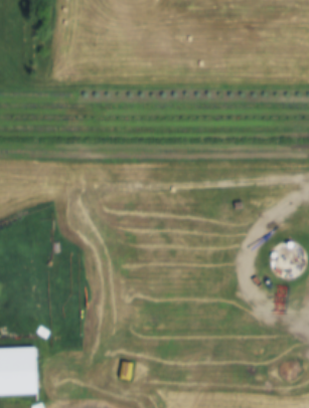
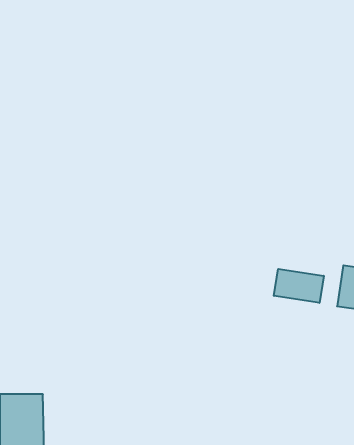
building: none -> [274,269,324,303]

